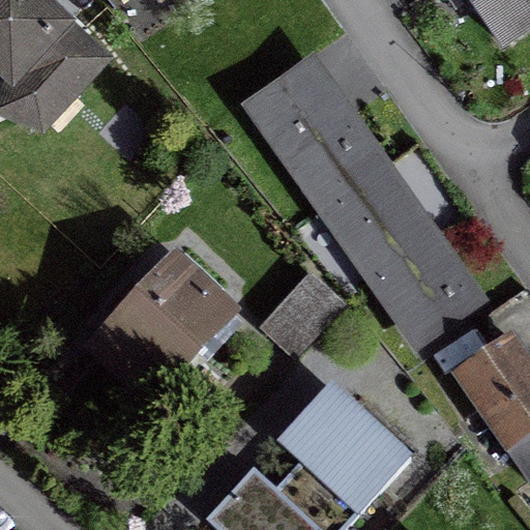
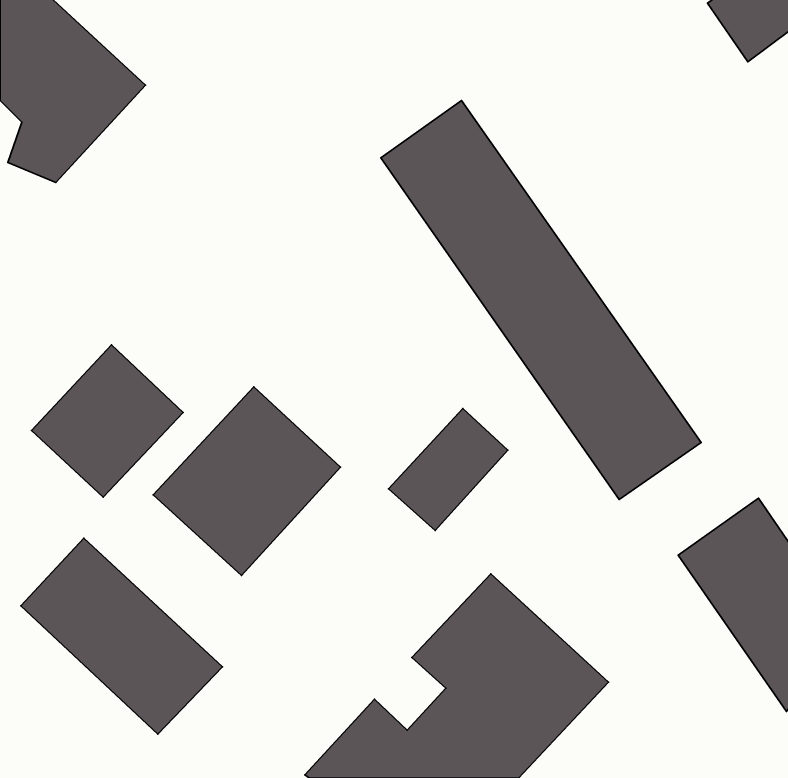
building: none -> [32,345,183,497]
building: none -> [21,538,222,734]

